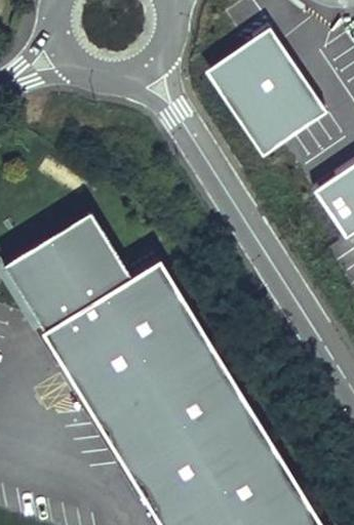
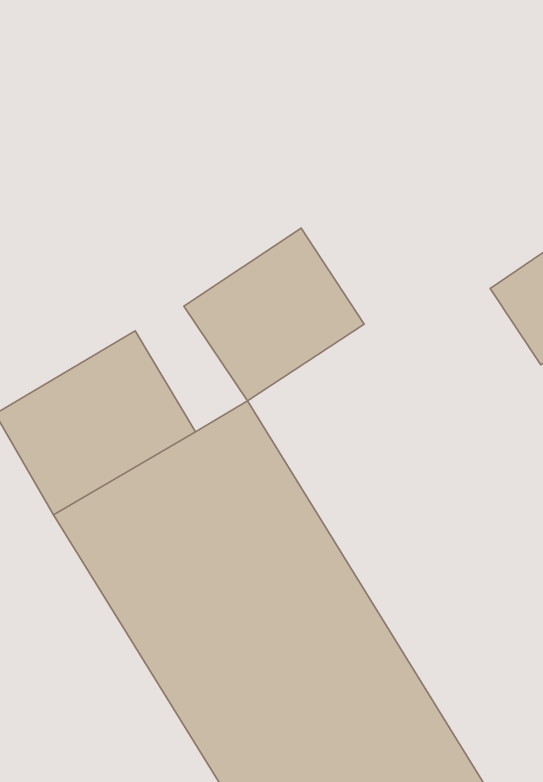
building: [207,27,327,153] -> none
building: none -> [184,228,364,401]

